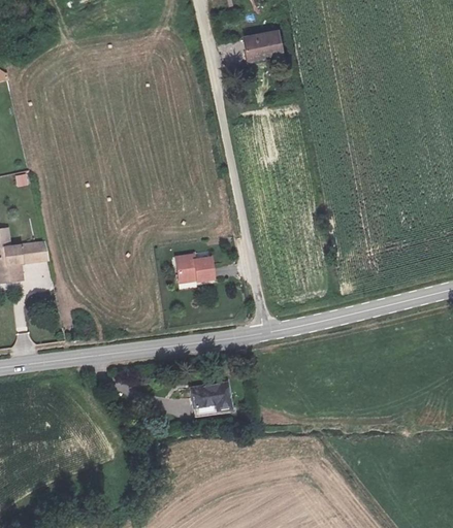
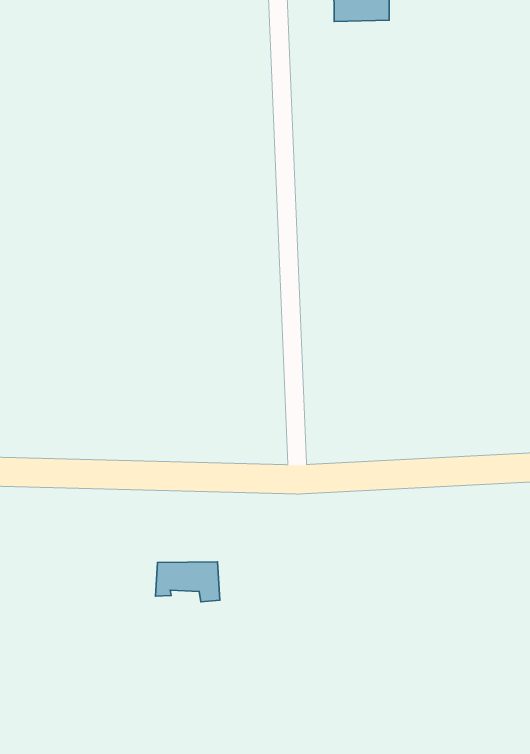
building: [171,257,205,282] -> none

